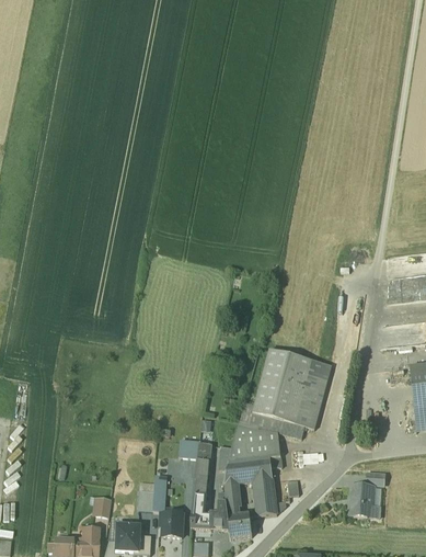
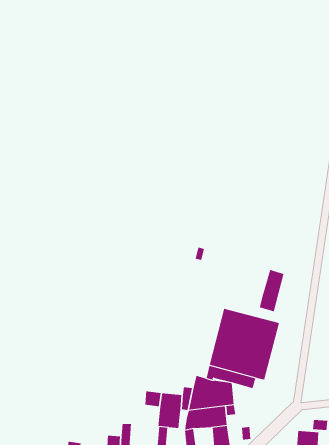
building: none -> [259,269,284,312]

